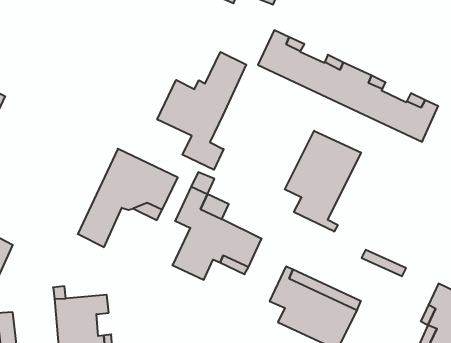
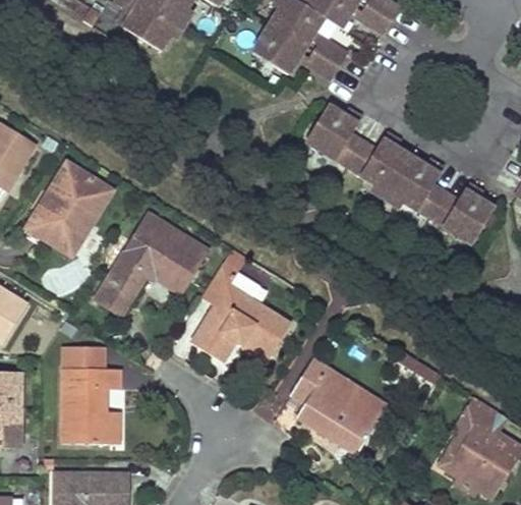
building: [157,52,246,170] -> none
building: none -> [27,163,112,256]
building: [285,131,361,232] -> none

